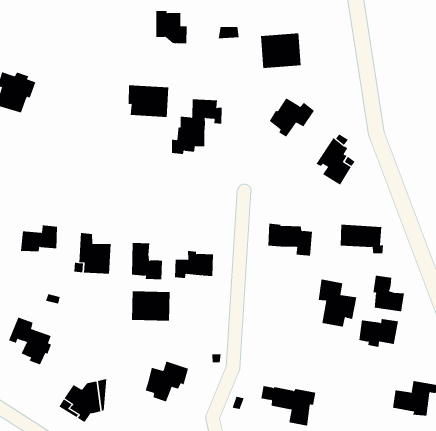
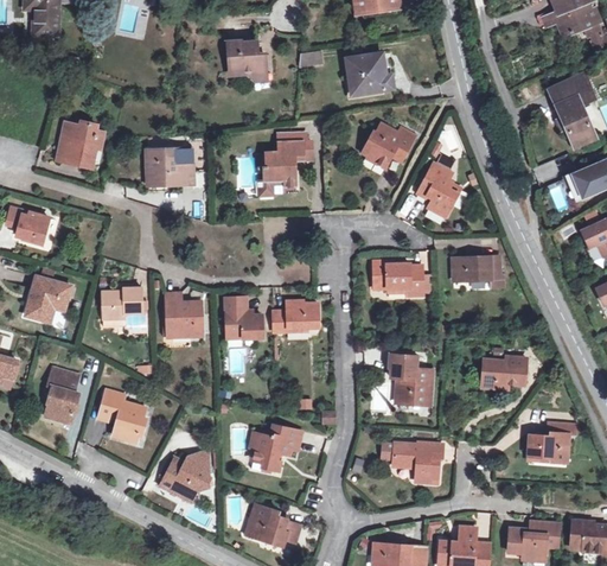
building: [128,85,169,117] -> [147,150,193,184]
building: [373,275,404,312] -> none
building: [318,279,357,327] -> [390,354,433,405]
building: [131,291,170,322] -> none

